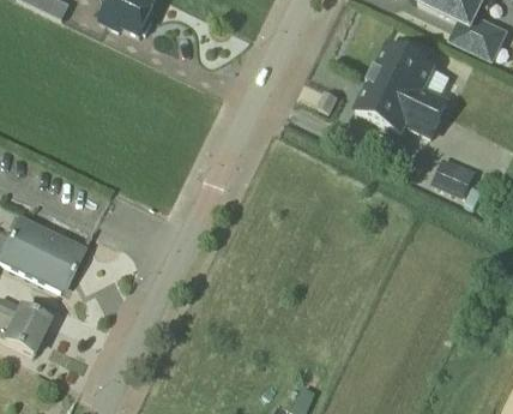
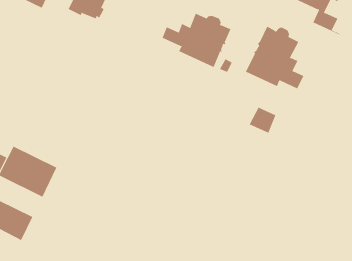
building: none -> [162,13,231,68]
building: [429,154,469,192] -> [249,107,276,134]

